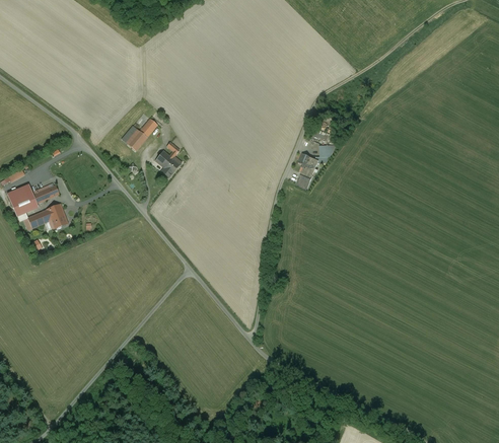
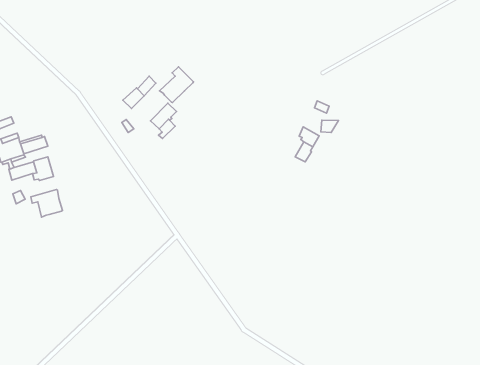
building: none -> [160,67,194,103]
building: none -> [31,190,62,217]

